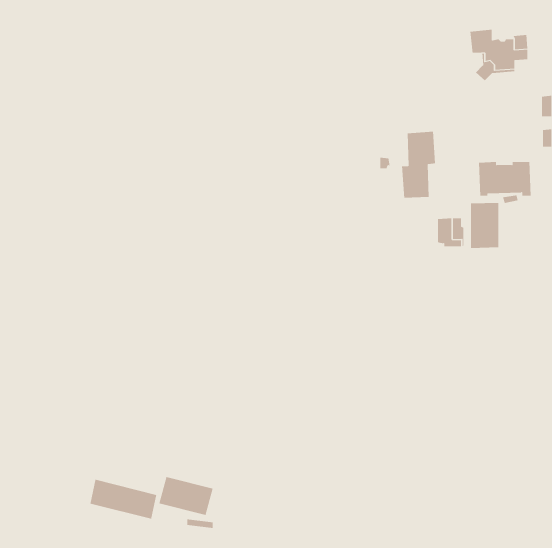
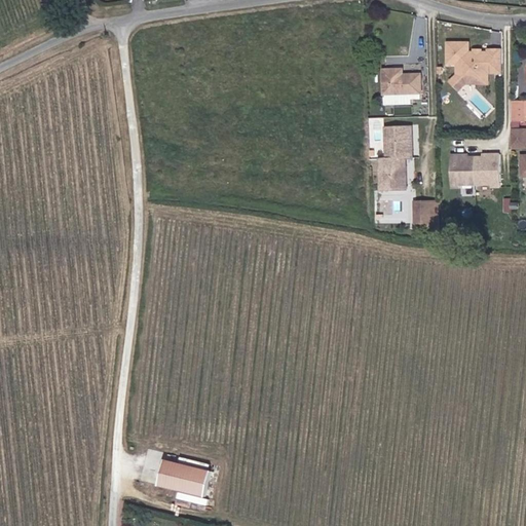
building: none -> [380,62,418,88]
building: [470,202,499,249] -> none
building: [90,479,157,519] -> none

